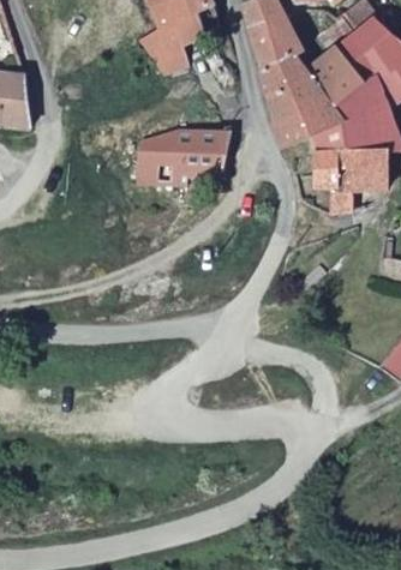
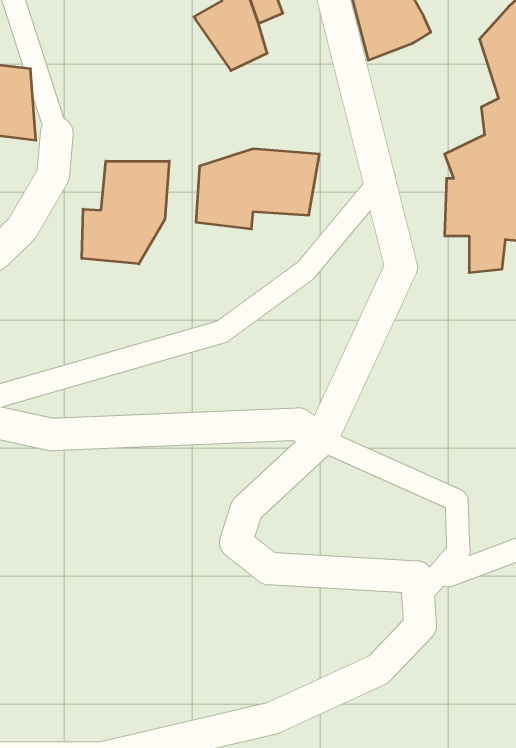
building: [256,53,349,148] -> none
building: none -> [82,161,169,264]

